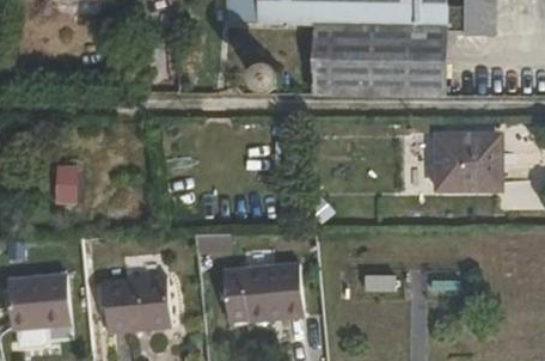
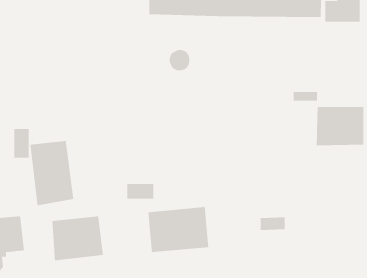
building: [313,24,445,96] -> none
building: none -> [30,140,74,206]

